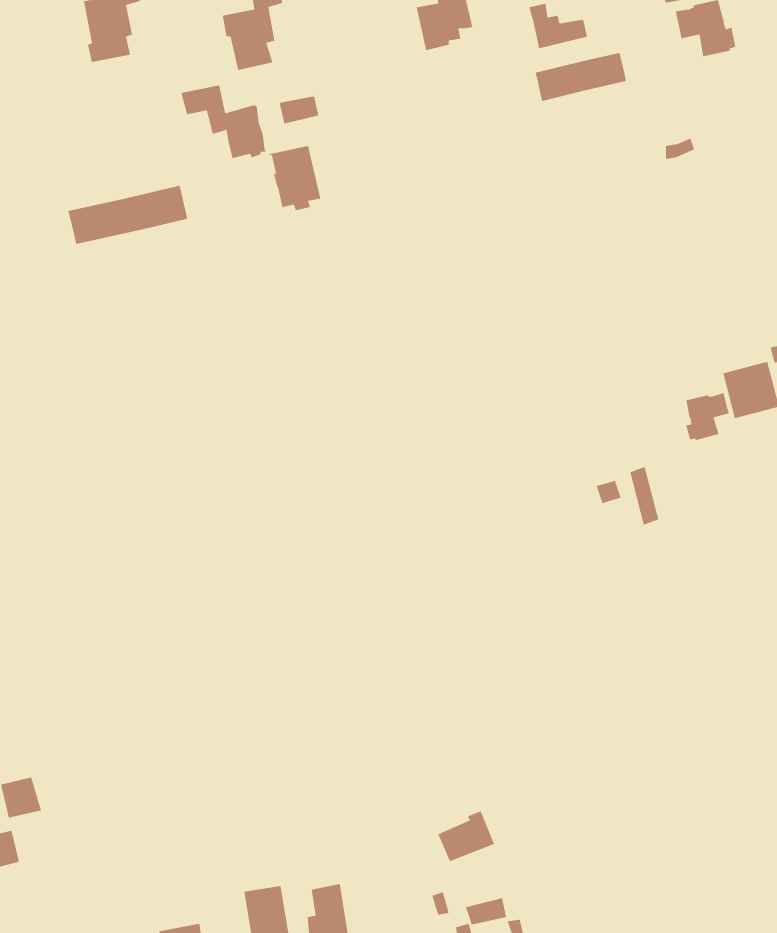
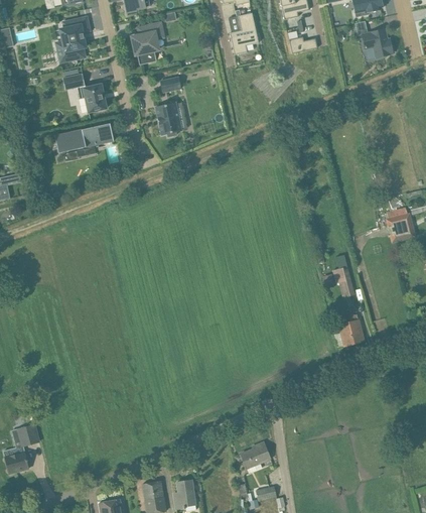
building: [535,52,627,102] -> none
building: [180,85,267,160] -> [62,74,107,112]
building: [685,392,729,441] -> none
building: none -> [338,314,364,346]

